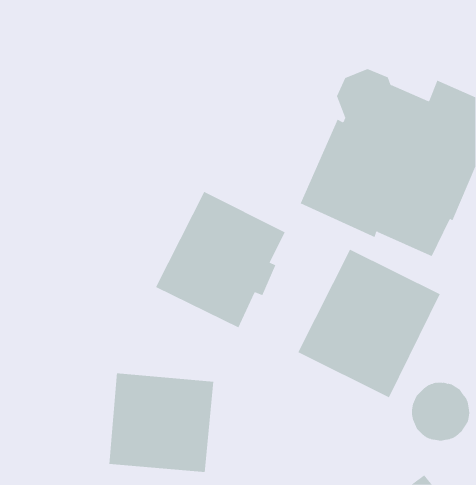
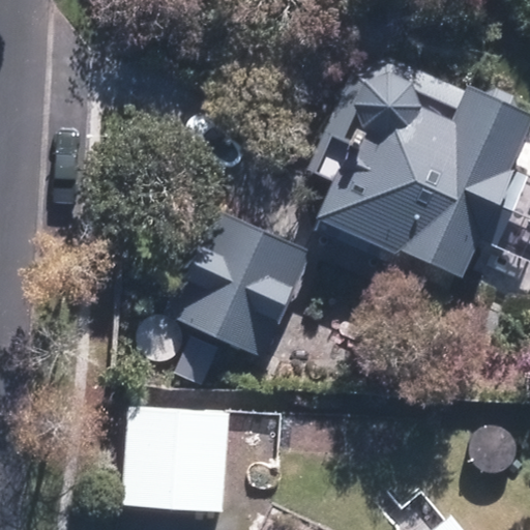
building: [297,249,441,398] -> none

